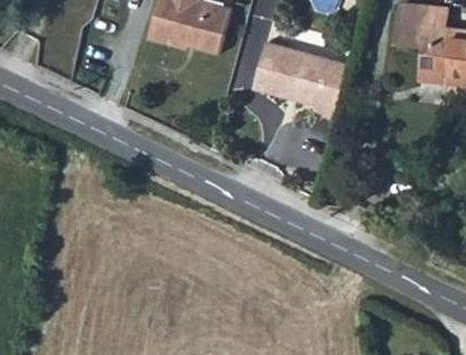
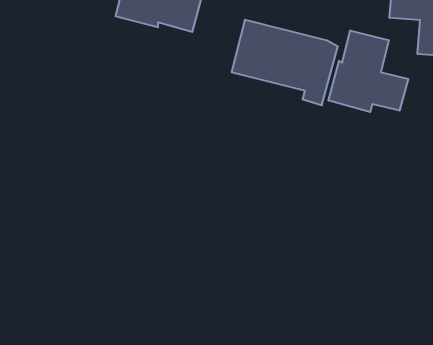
building: none -> [328,30,408,112]

